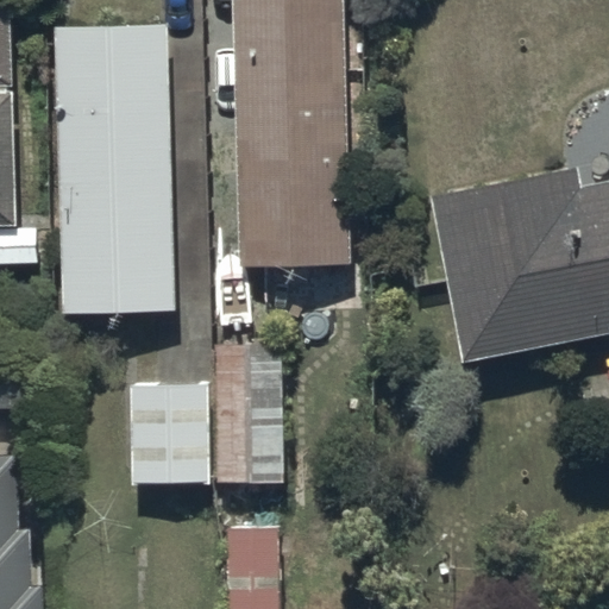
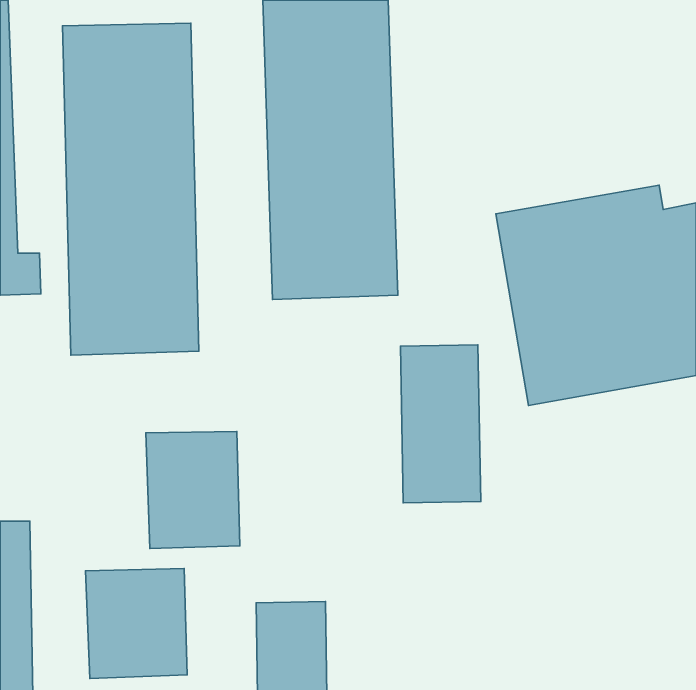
building: [213,344,283,482] -> [400,345,481,503]
building: none -> [85,569,187,679]

